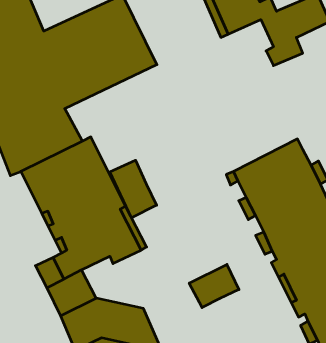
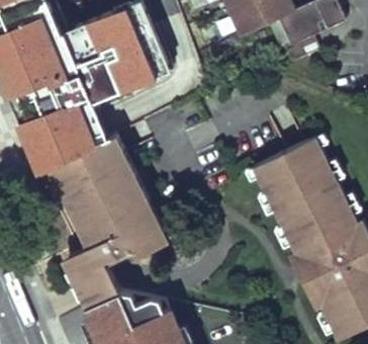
building: [110,160,157,218] -> none
building: [189,264,239,308] -> none

